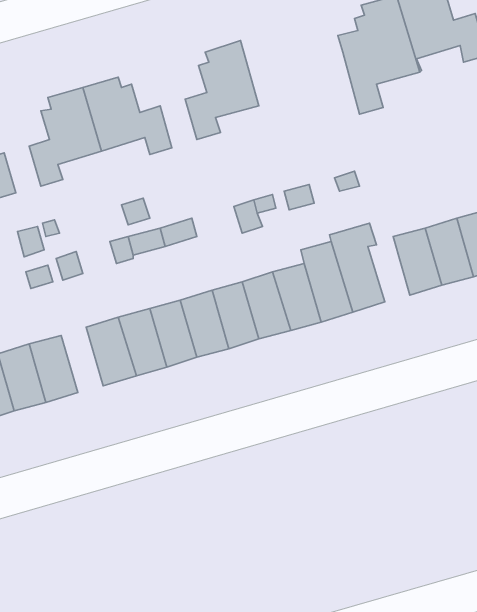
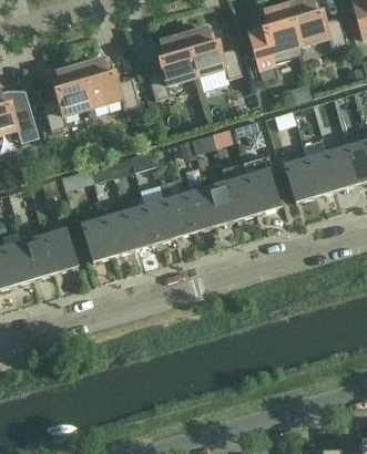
building: none -> [183,25,242,76]

